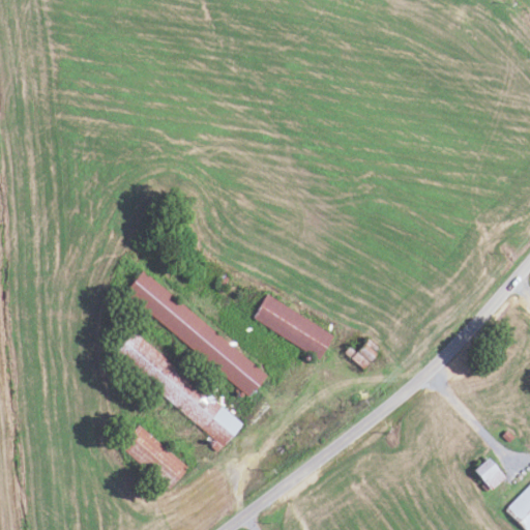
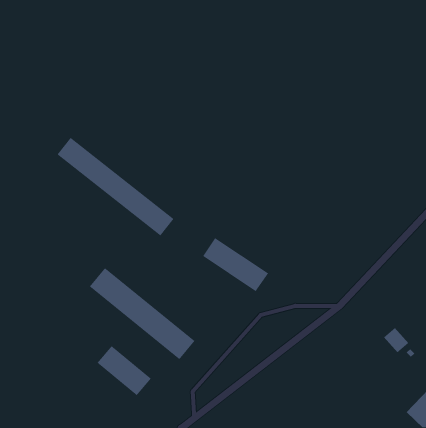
building: [123,271,269,394] -> [56,137,175,236]
building: [346,338,381,369] -> none
building: [475,458,507,490] -> [383,327,409,353]

